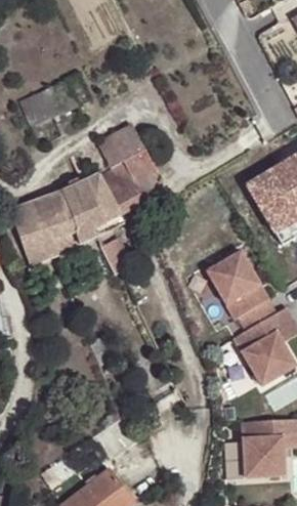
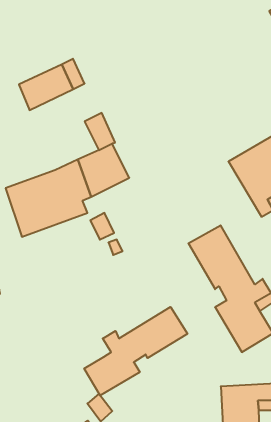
building: [113,122,156,199] -> none
building: none -> [84,307,187,396]

